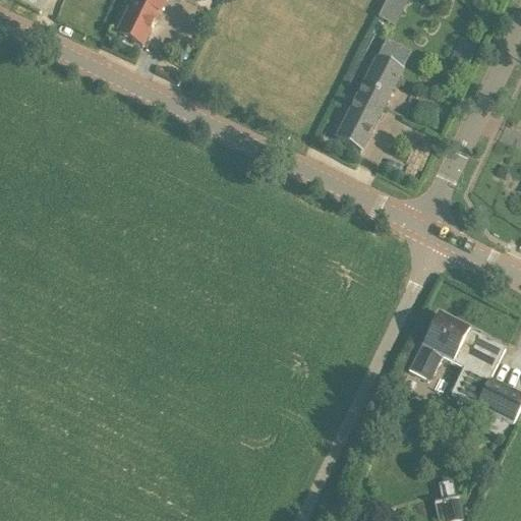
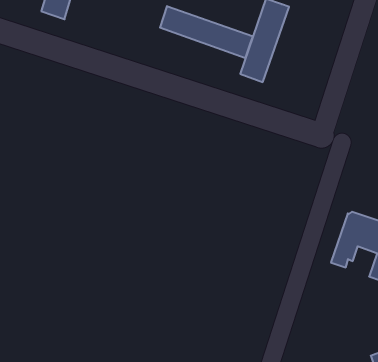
building: none -> [160,6,253,58]

